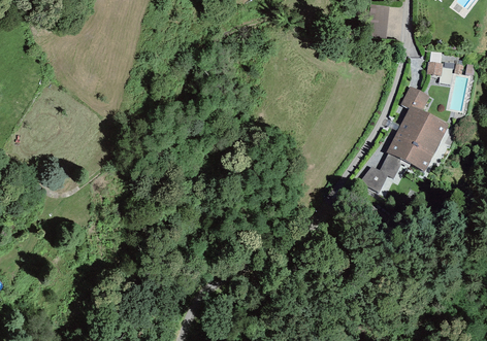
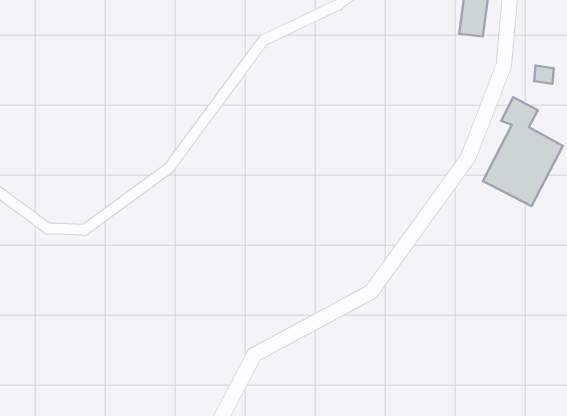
building: [359,154,402,194] -> none

